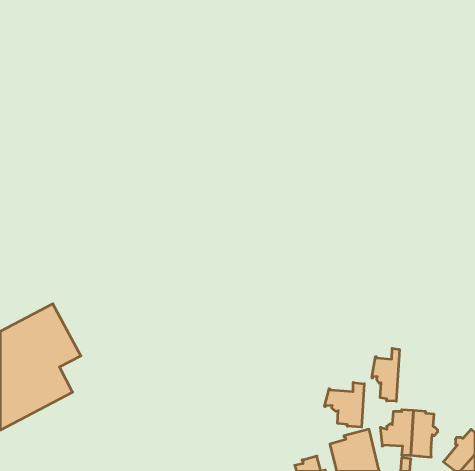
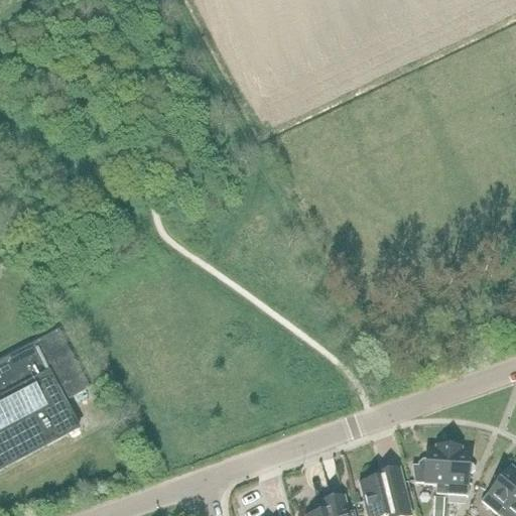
building: [372,348,399,401] -> none
building: [324,382,364,427] -> none

